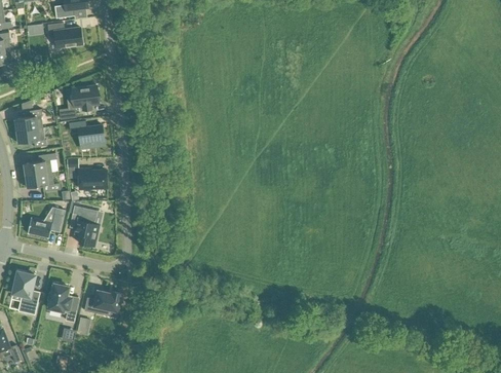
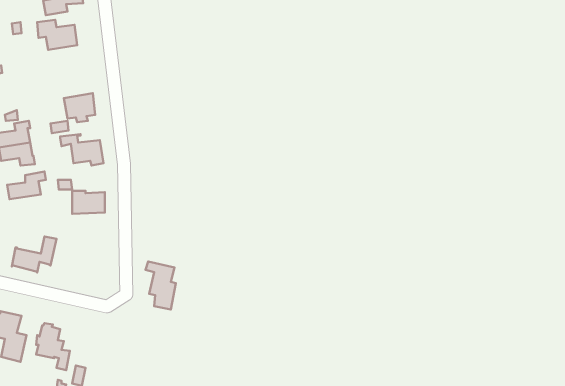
building: [25,172,60,192] -> none
building: [72,206,98,247] -> [146,261,176,310]
building: [83,290,121,314] -> none

